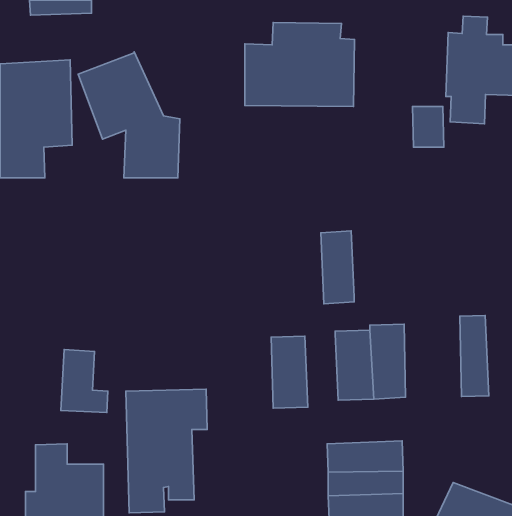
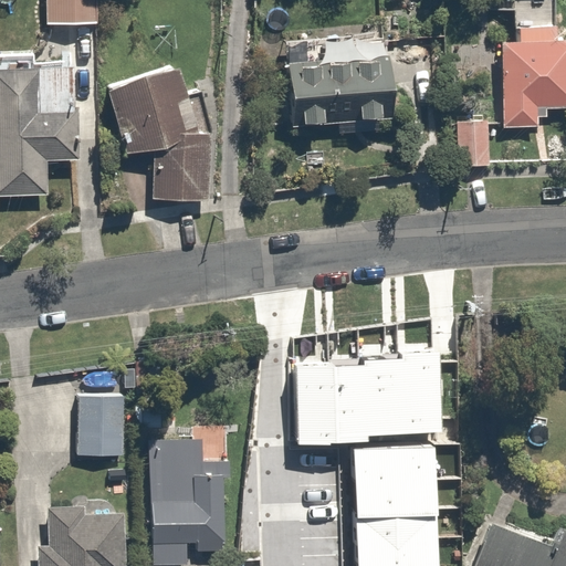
building: [321,231,354,304] -> [339,367,376,447]
building: [460,316,489,397] -> none
building: none -> [363,450,446,486]

